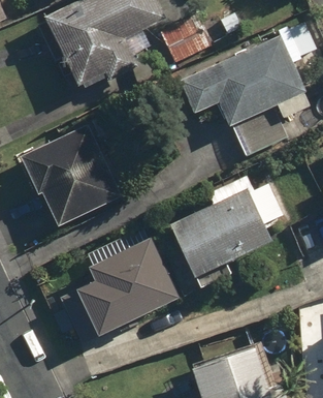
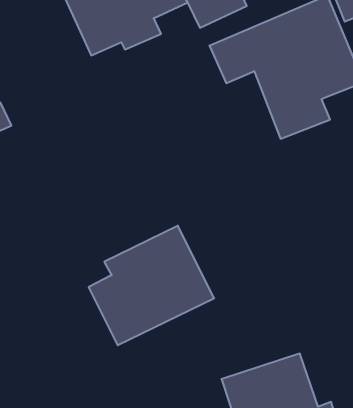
building: [20,126,121,224] -> none
building: [170,174,282,292] -> none

